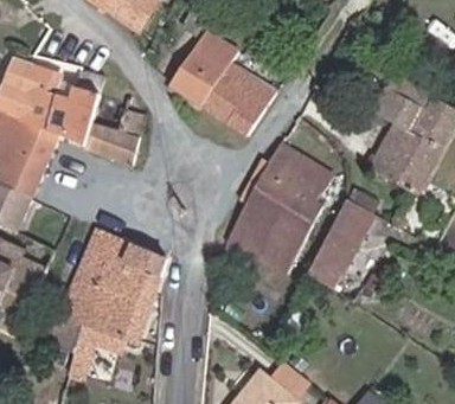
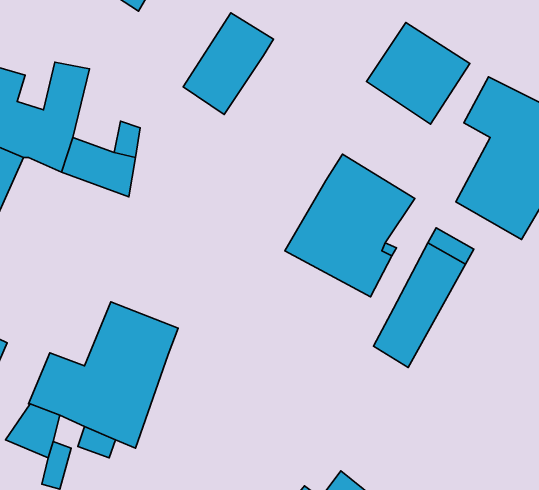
building: [200,63,275,136] -> [366,22,470,124]
building: [225,204,306,274] -> none
building: [75,231,118,287] -> none

